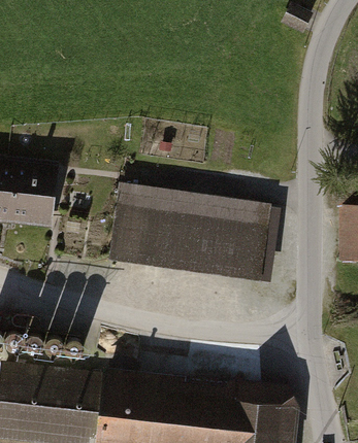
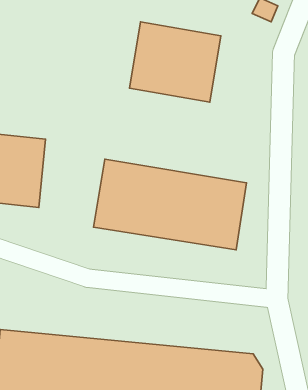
building: none -> [130,22,221,102]

